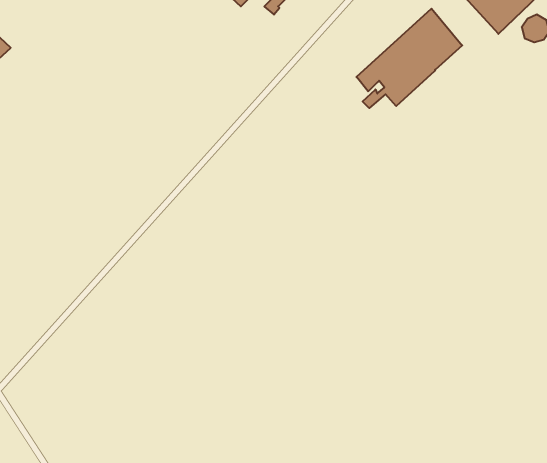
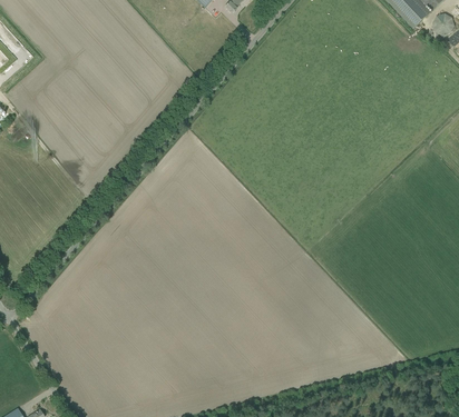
building: [356,9,462,108] -> none

